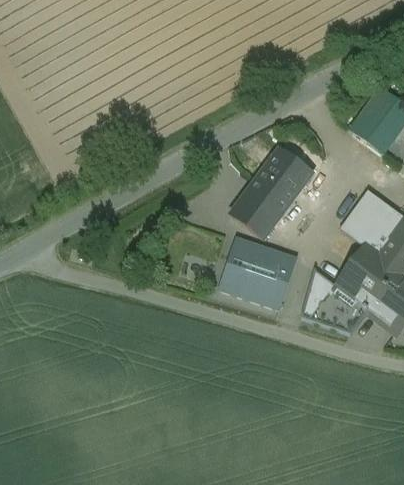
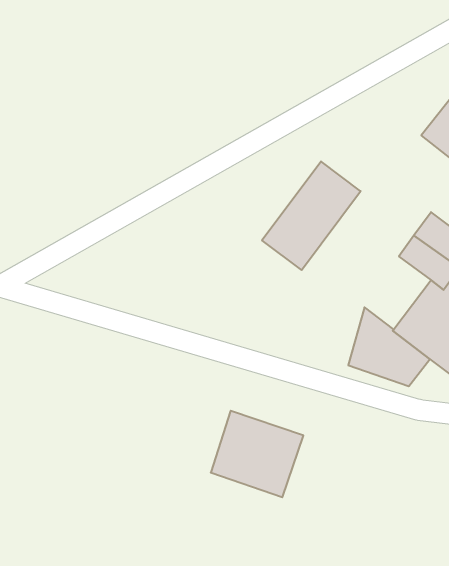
building: [220,237,295,307] -> [211,411,303,497]

